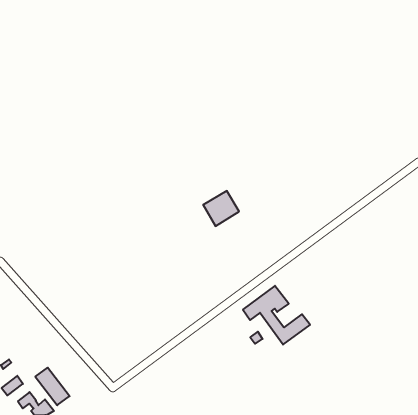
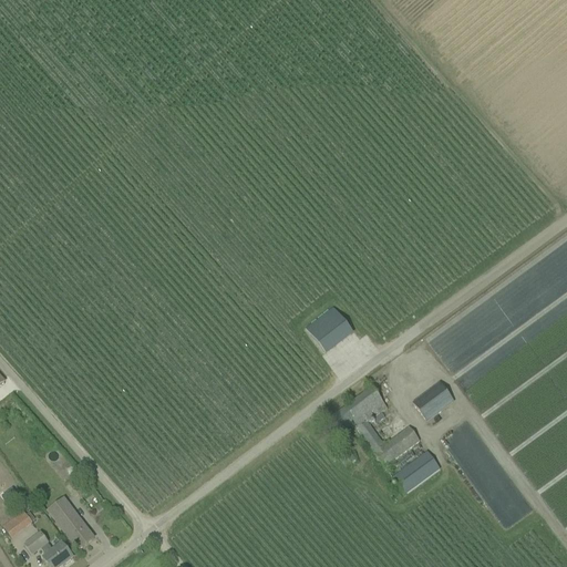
building: [203,191,239,226] -> [302,306,351,353]
building: none -> [413,382,453,420]
building: none -> [391,450,440,494]

